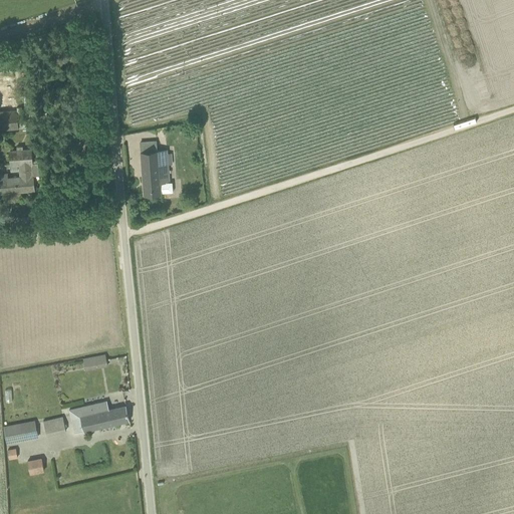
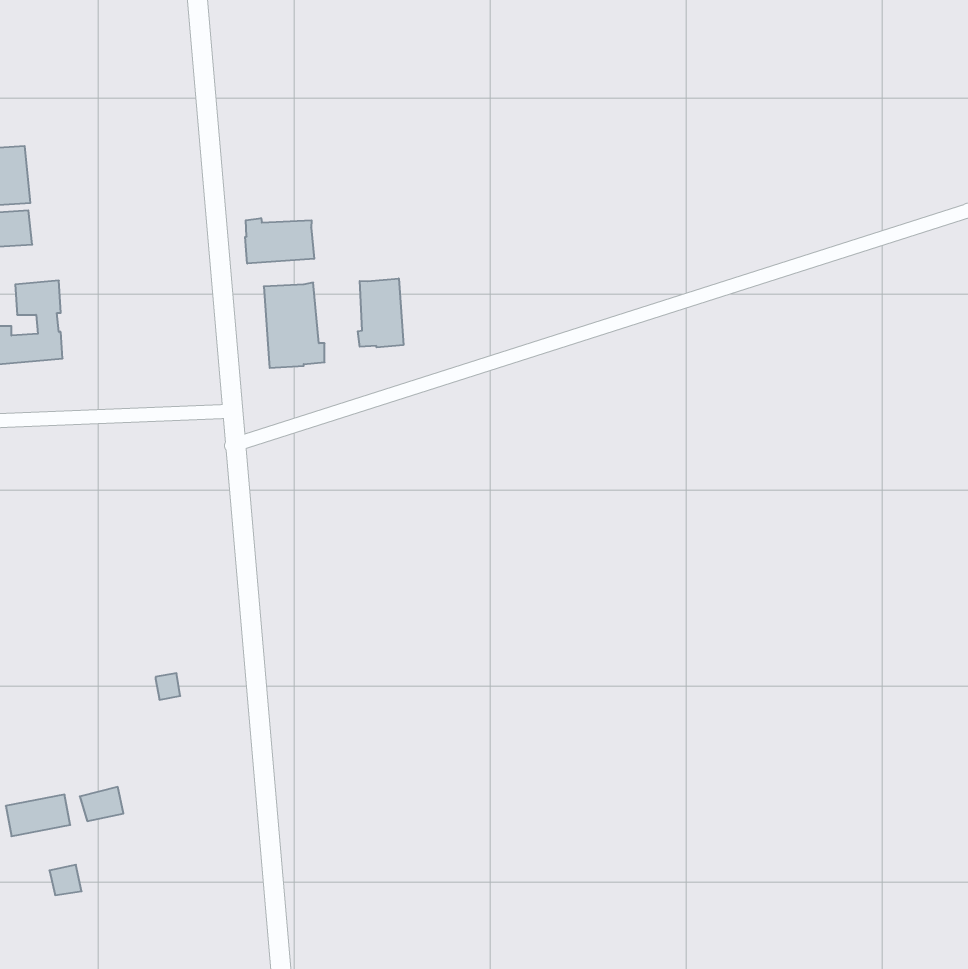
building: none -> [245,218,314,264]
building: none -> [358,278,403,347]
building: [68,401,128,434] -> none

